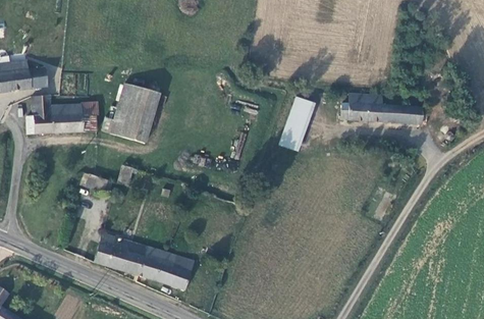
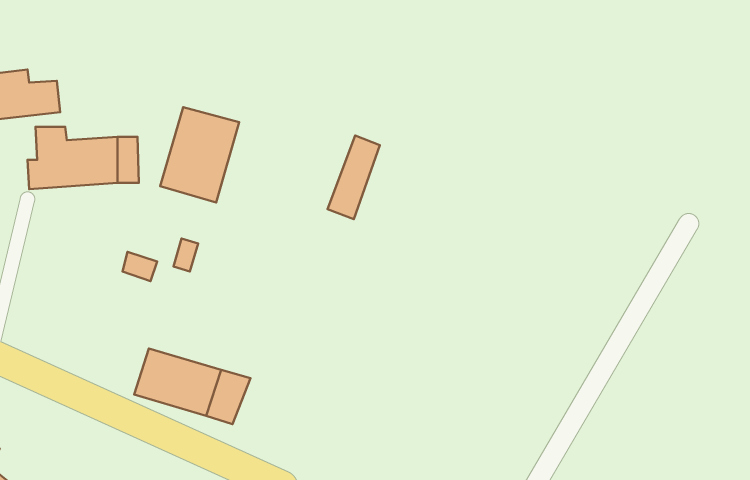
building: [342,94,422,123] -> none
building: [281,98,314,150] -> [327,135,380,219]
building: [154,252,195,289] -> none

